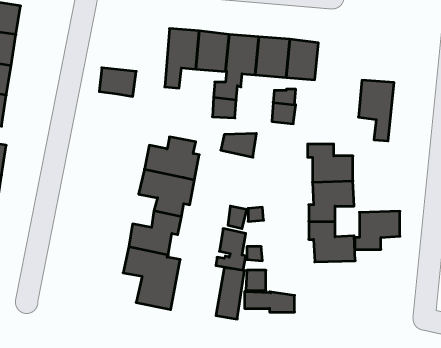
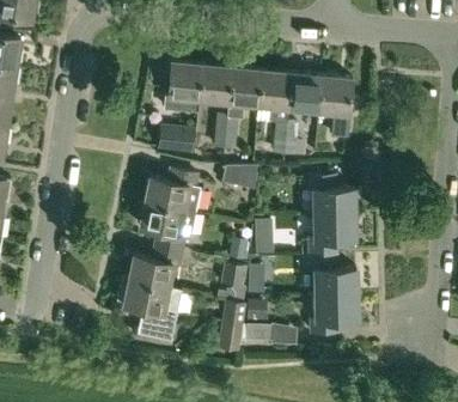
building: [99,68,136,96] -> [159,124,196,153]
building: [358,80,394,141] -> [317,74,353,135]
building: [355,211,400,249] -> [312,293,358,331]

